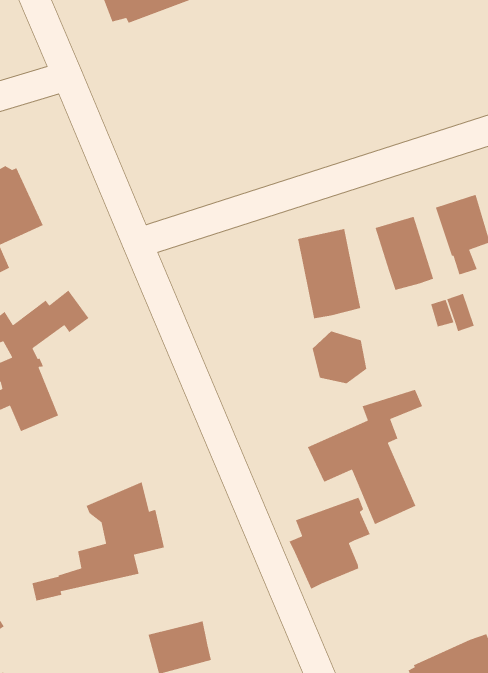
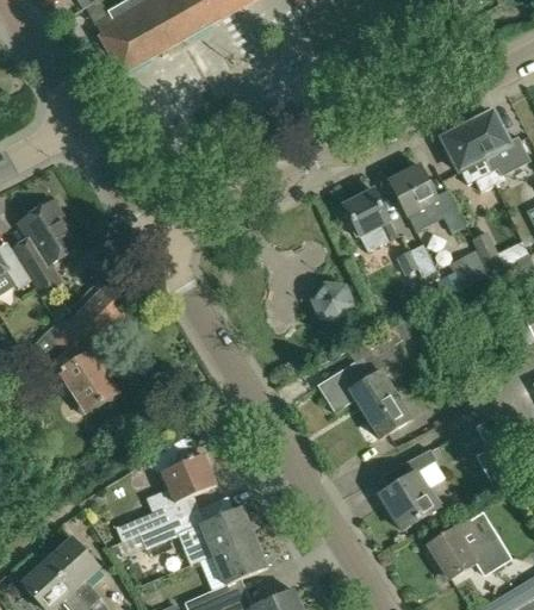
building: [297,228,361,319] -> none
building: [288,497,371,590] -> [378,450,442,530]
building: none -> [139,506,255,565]

